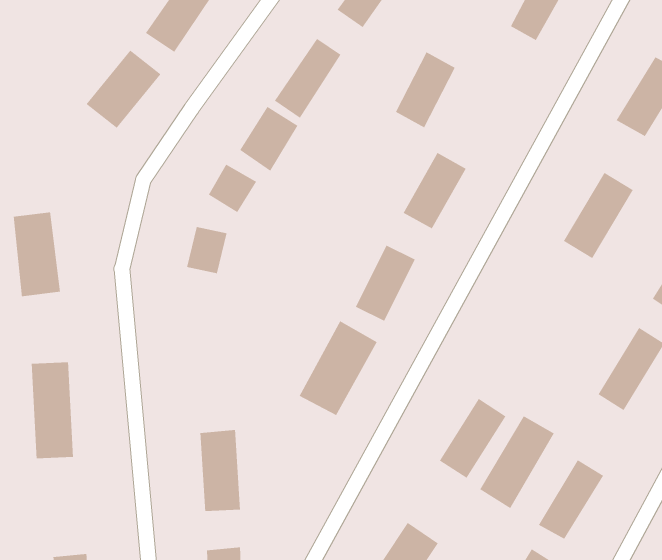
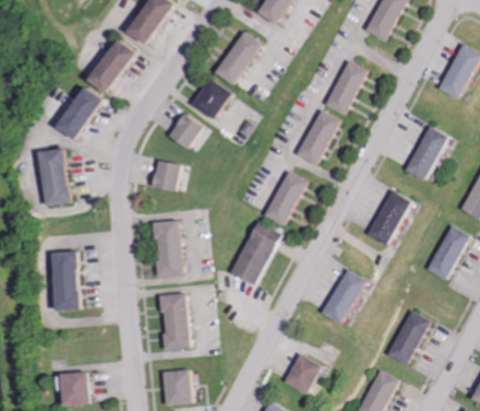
building: [395,51,456,129] -> [325,60,365,111]
building: none -> [56,85,103,139]
building: none -> [154,221,184,278]
building: [479,415,555,509] -> [363,187,413,249]

